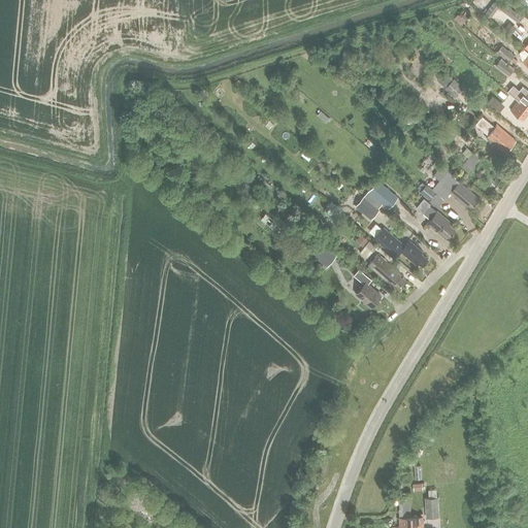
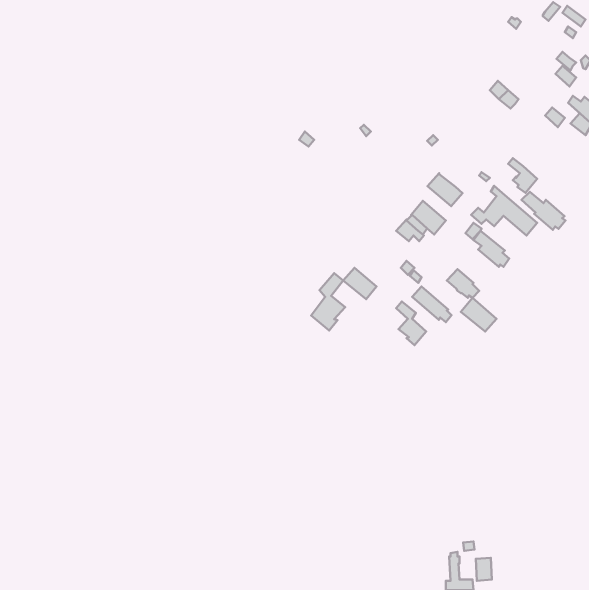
building: [475,118,515,152] -> [522,192,566,230]
building: none -> [428,173,463,206]
building: [373,227,405,257] -> [461,298,497,331]
building: none -> [311,273,345,331]

